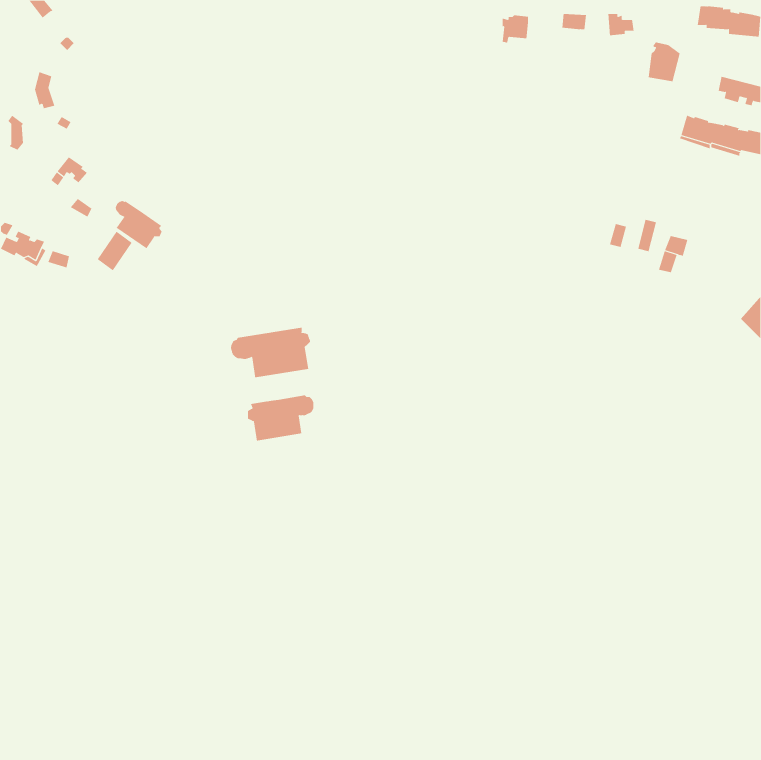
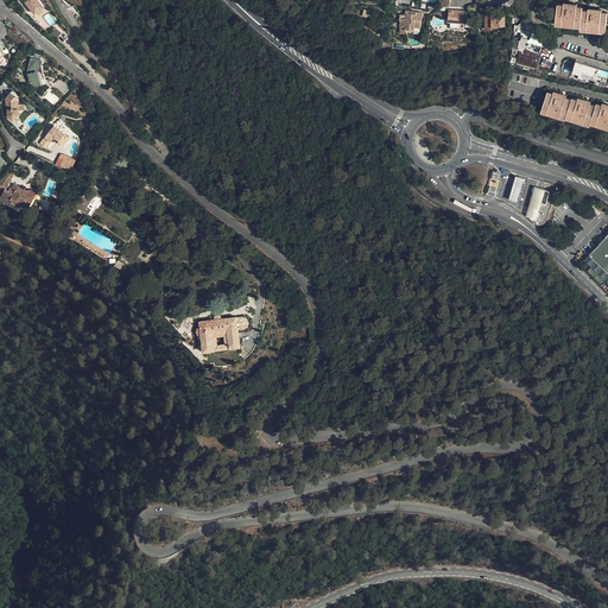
building: [115,200,162,249] -> none
building: [230,327,311,378] -> none

